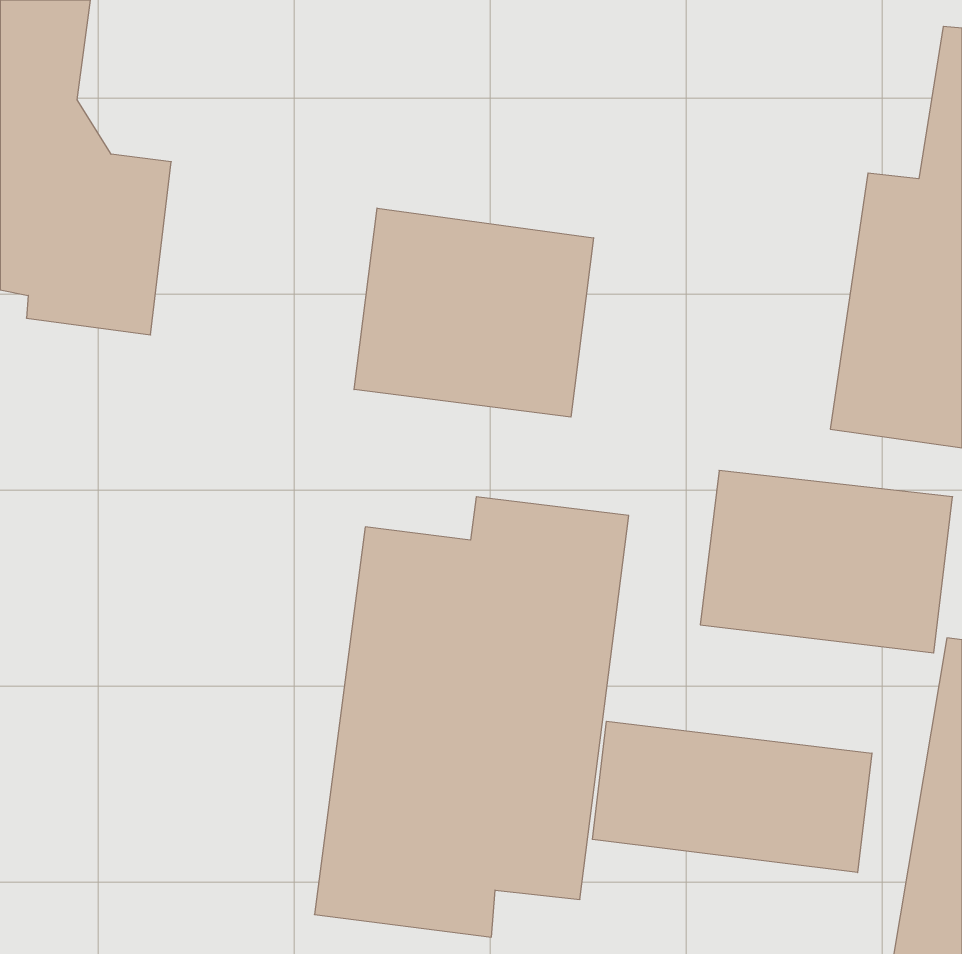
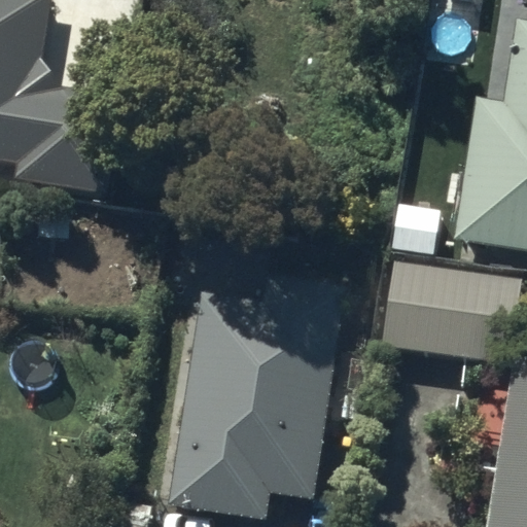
building: [354,208,594,417] -> none
building: [592,721,872,873] -> none

